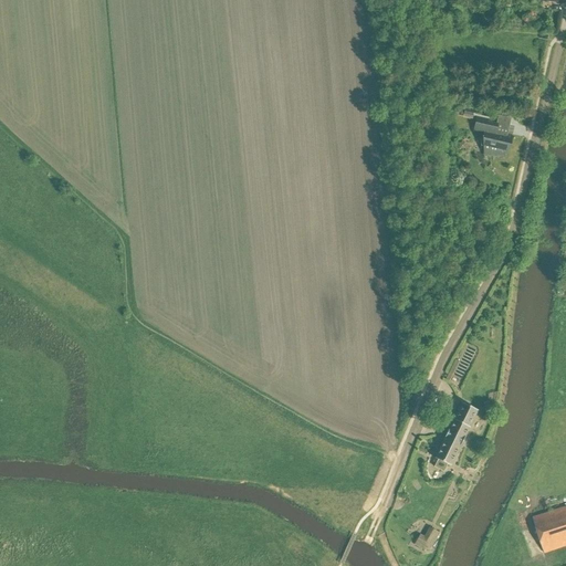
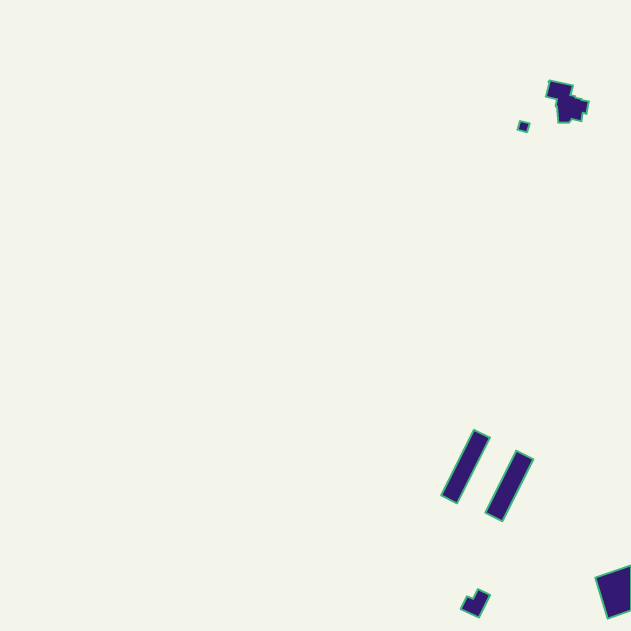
building: [474,118,513,156] -> [546,81,589,122]
building: none -> [441,430,490,503]

